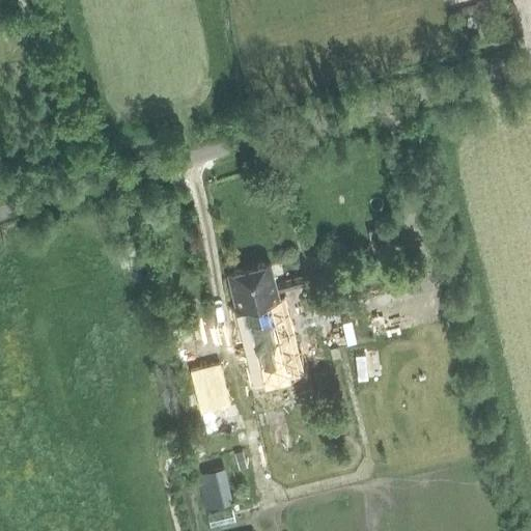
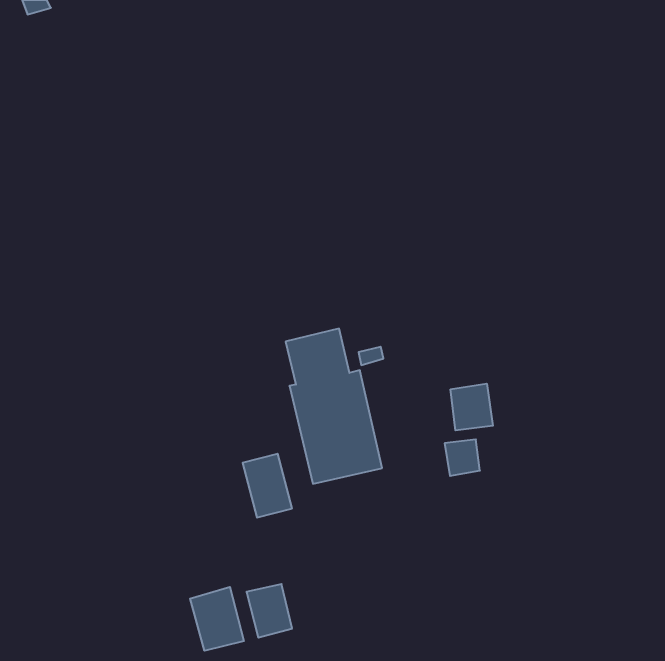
building: none -> [451,384,493,430]
building: none -> [190,587,244,651]

